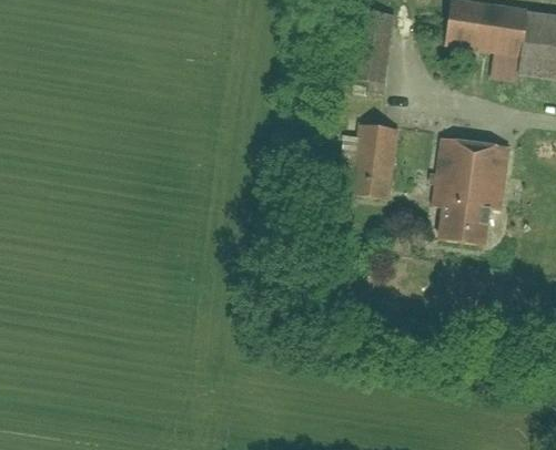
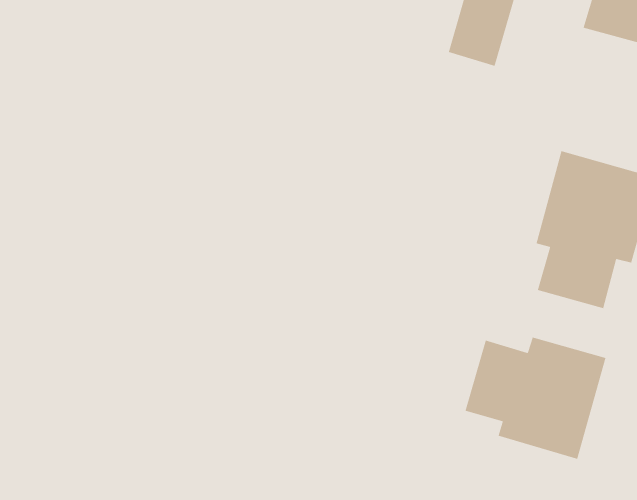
building: [322,123,400,203] -> none
building: none -> [465,336,606,460]

